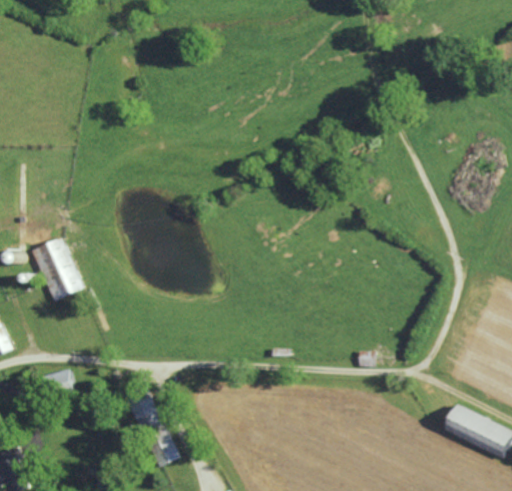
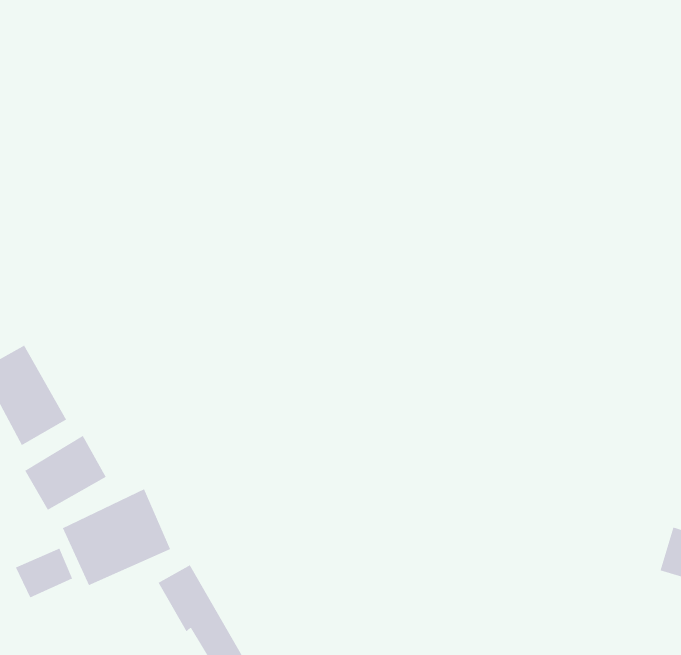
building: none -> [24,435,107,511]
building: none -> [62,488,171,586]

